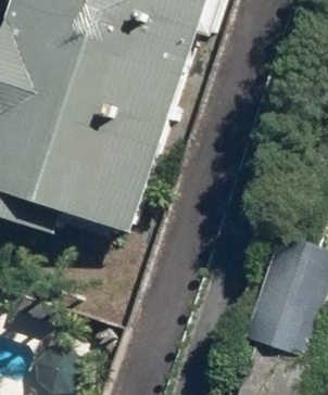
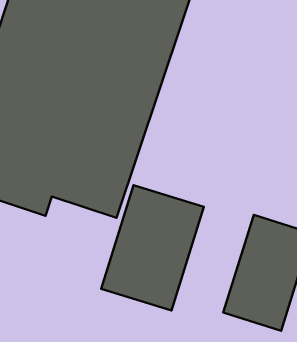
building: none -> [101,185,204,310]

